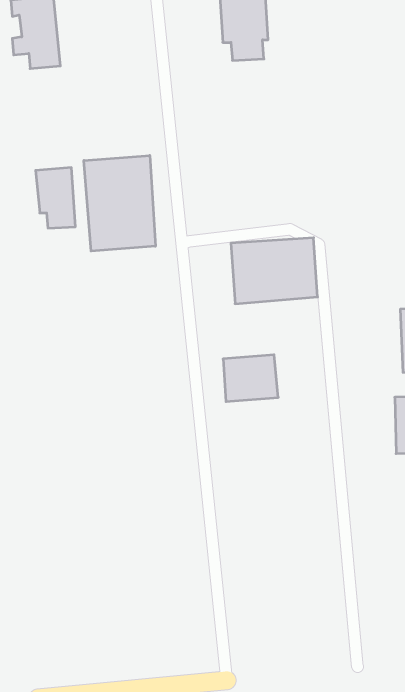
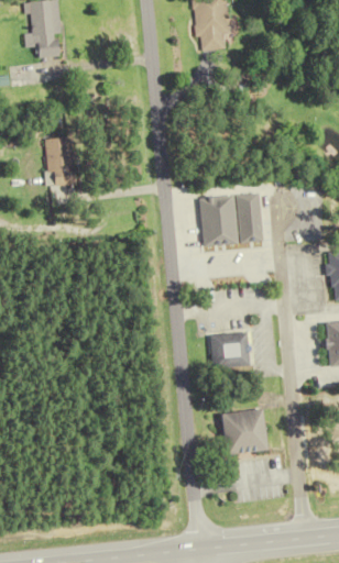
building: [84,155,155,251] -> none
building: [223,355,278,402] -> [209,331,253,368]
building: none -> [219,410,270,454]

